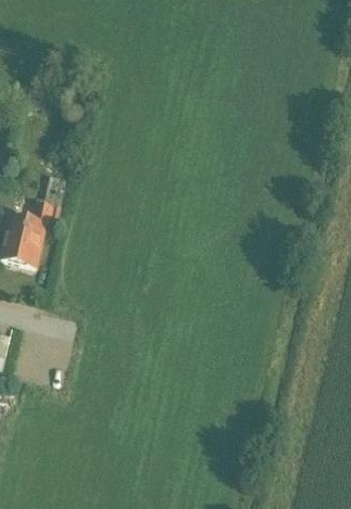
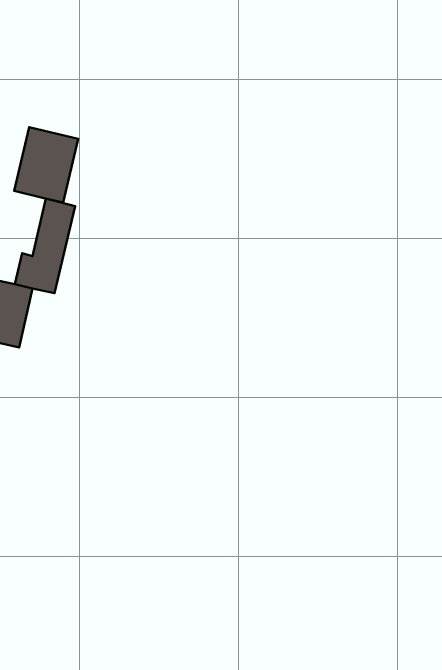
building: none -> [14,127,78,202]

